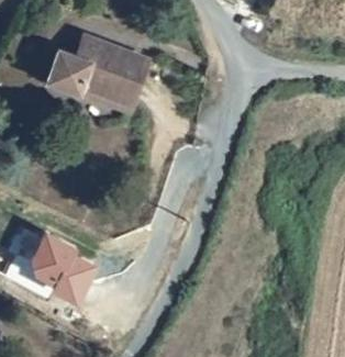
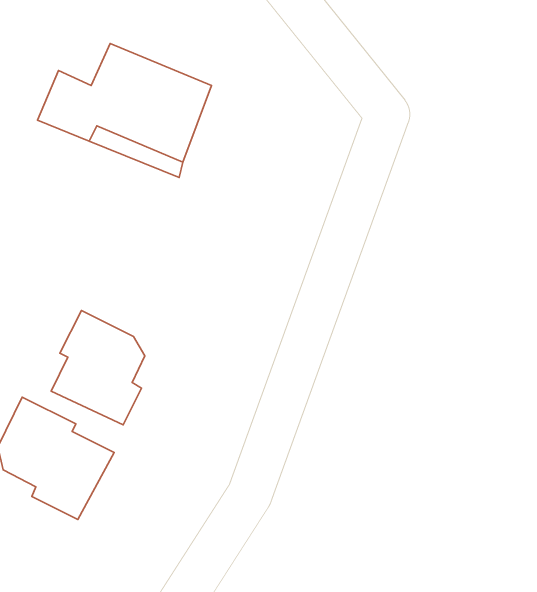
building: none -> [51,310,145,425]

